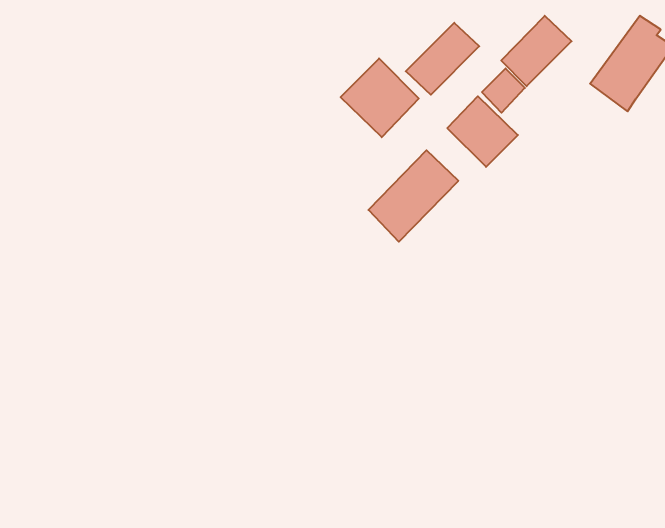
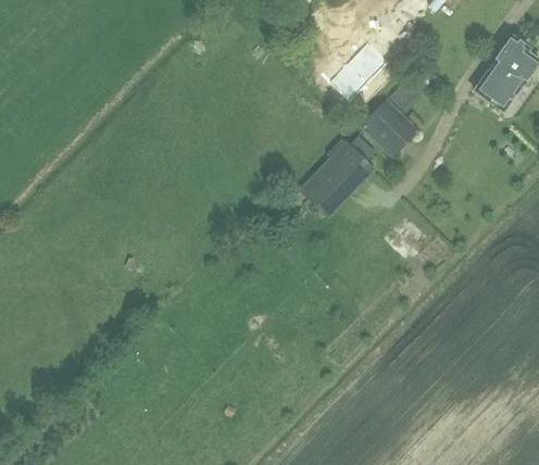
building: [501,16,572,86] -> none
building: [341,58,419,137] -> none

